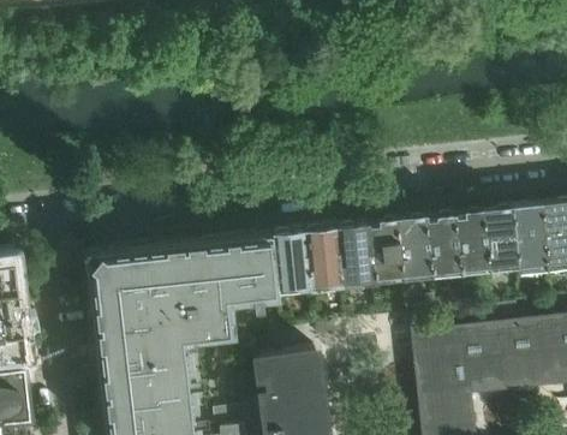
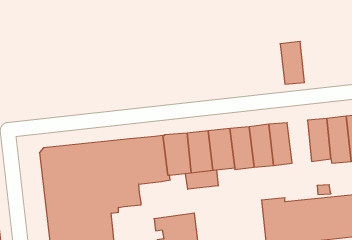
building: [453,214,489,278] -> [280,41,304,84]
building: none -> [186,170,218,189]

